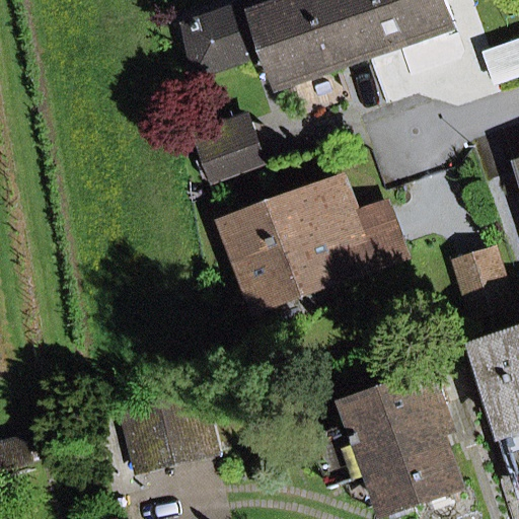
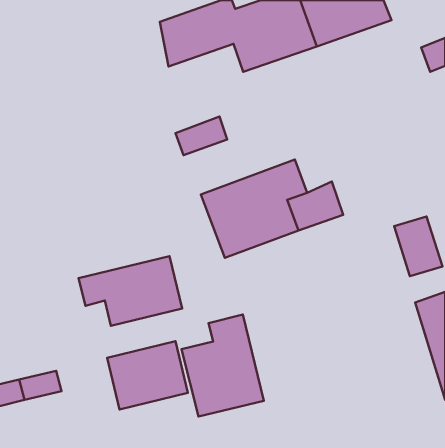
building: none -> [79,256,182,326]
building: none -> [182,315,264,417]
building: [312,374,460,514] -> none

